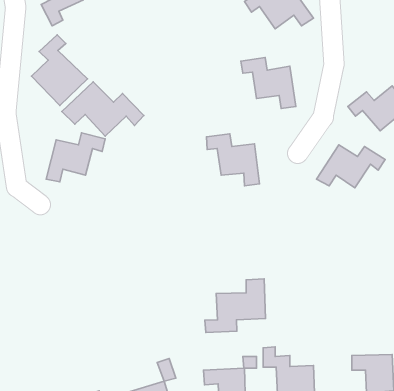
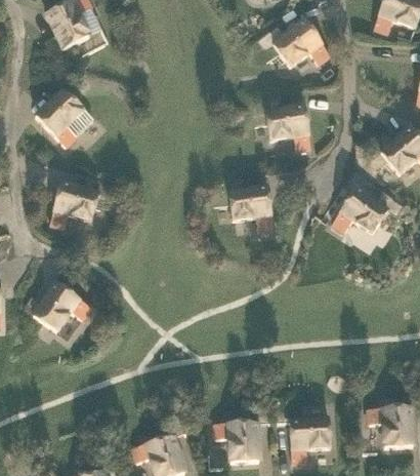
building: [62,82,144,136] -> none
building: none -> [16,283,90,331]
building: [205,279,266,332] -> none

